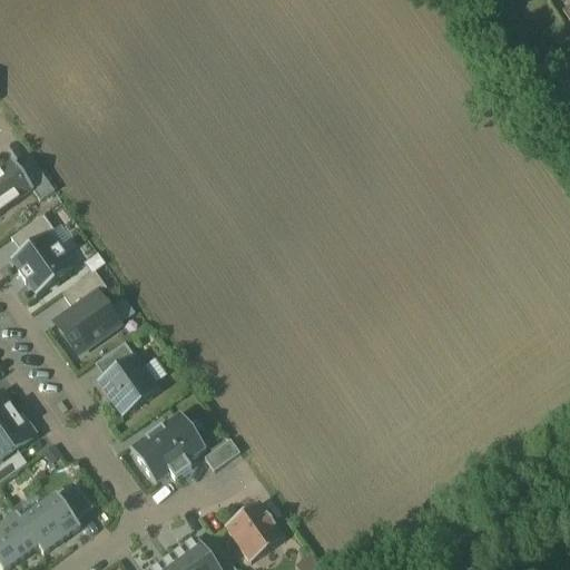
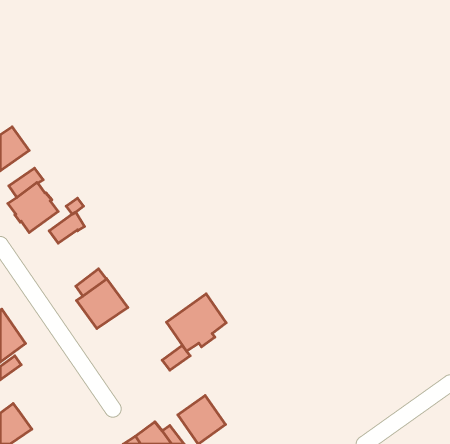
building: [56,291,119,352] -> none
building: [130,410,206,482] -> [166,294,226,351]
building: [23,493,81,550] -> none

